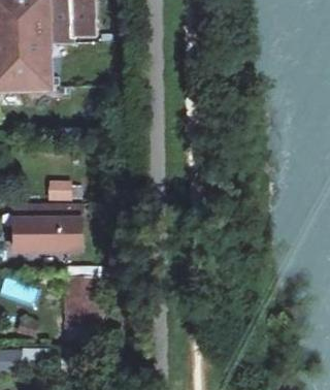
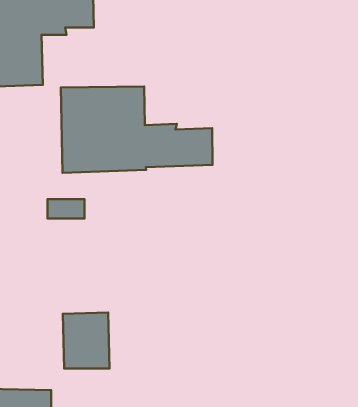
building: none -> [61,86,213,173]
building: [16,220,86,260] -> none

